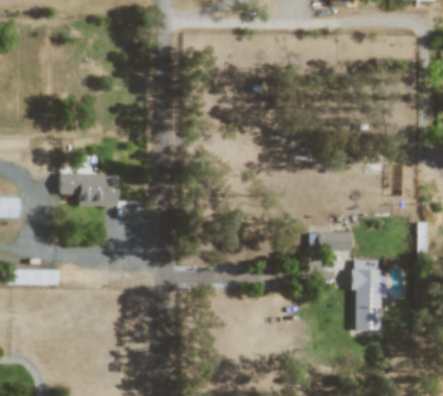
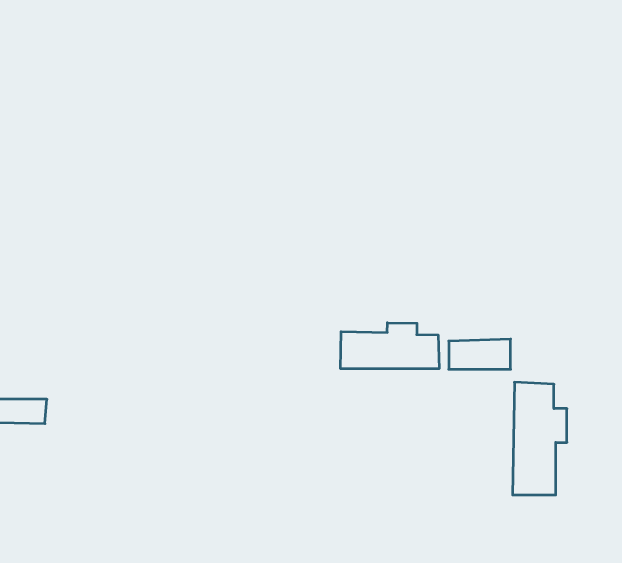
building: [60,173,118,206] -> none
building: none -> [341,323,439,369]

